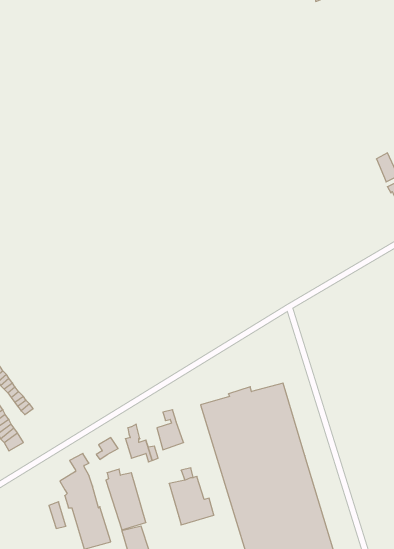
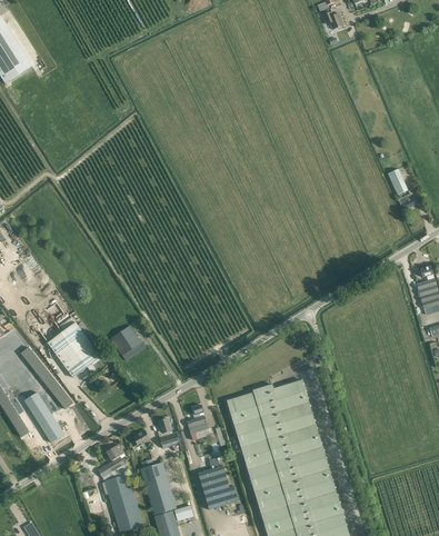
building: none -> [47,317,107,377]
building: none -> [109,325,144,360]

